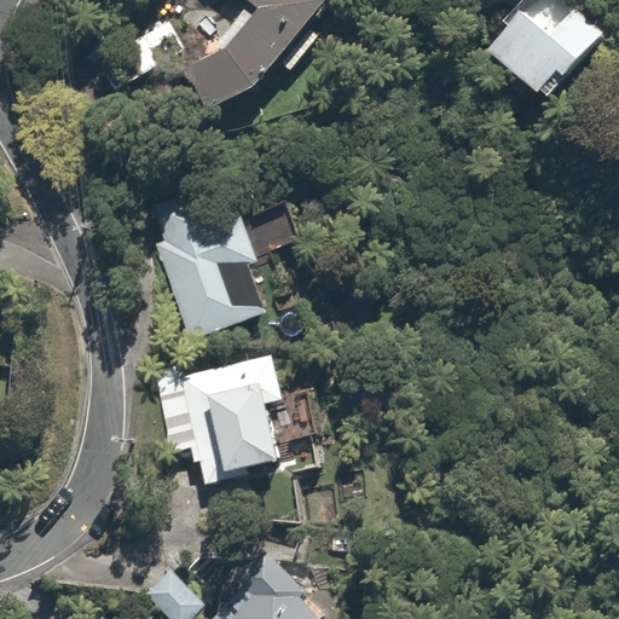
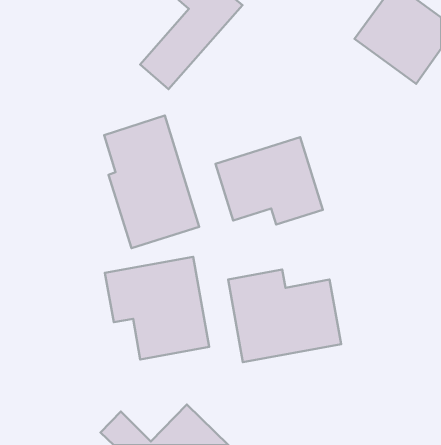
building: none -> [215,137,323,224]
building: none -> [228,270,341,362]

